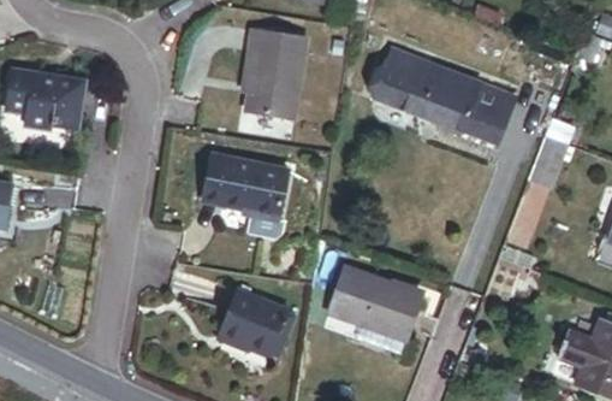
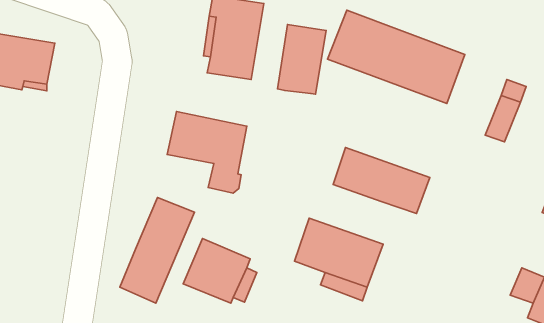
building: none -> [277,24,326,94]
building: none -> [333,148,430,214]
building: none -> [120,197,194,303]

